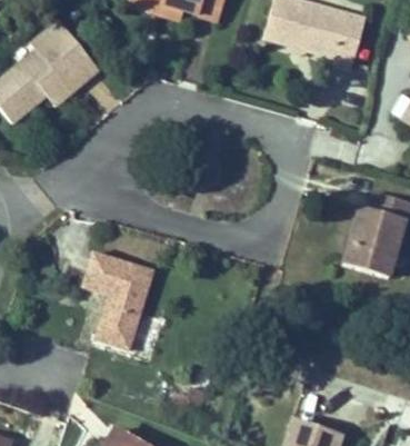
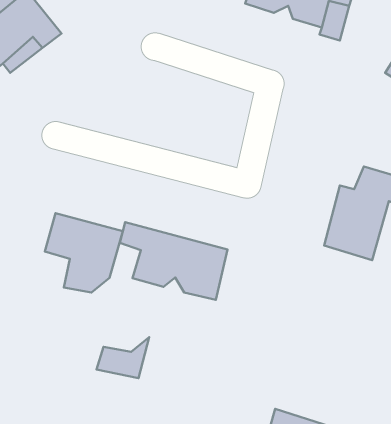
building: none -> [120,222,228,300]
building: [93,296,142,334] -> [96,337,149,378]

